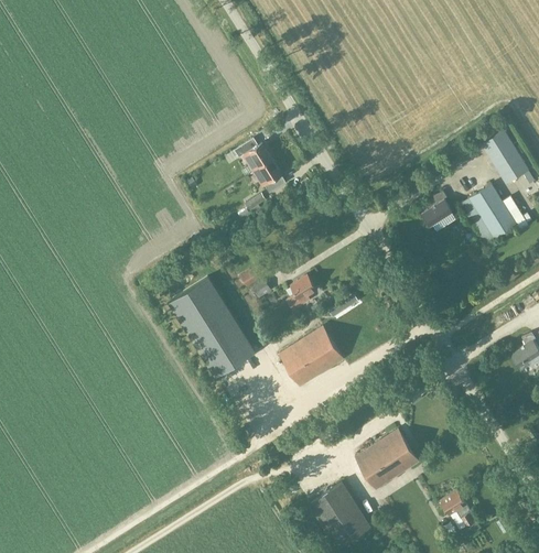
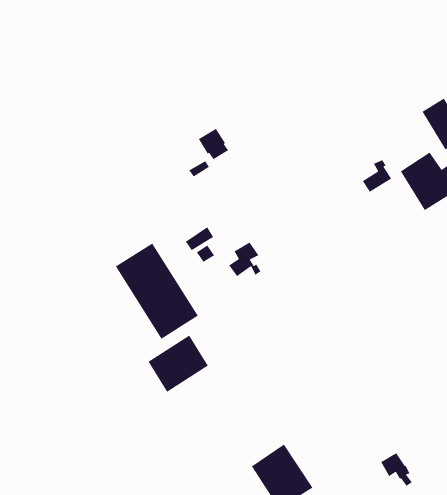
building: [235,139,272,172] -> none
building: [280,327,343,387] -> [147,335,209,393]
building: [355,430,419,490] -> none

